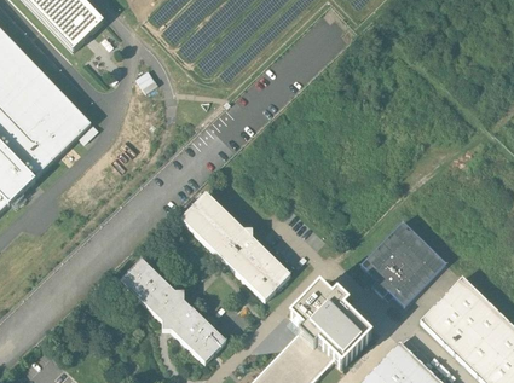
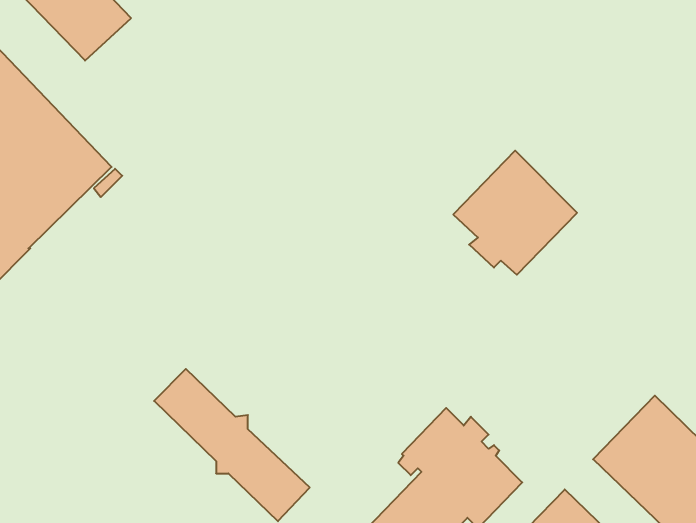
building: [180,192,290,300] -> none
building: [360,220,445,304] -> [453,151,577,275]

